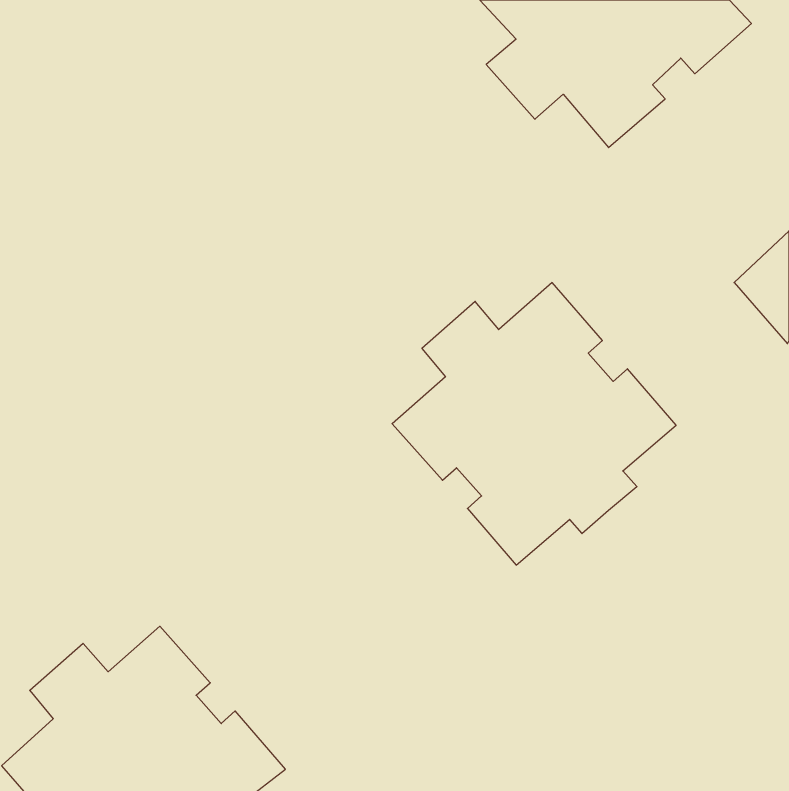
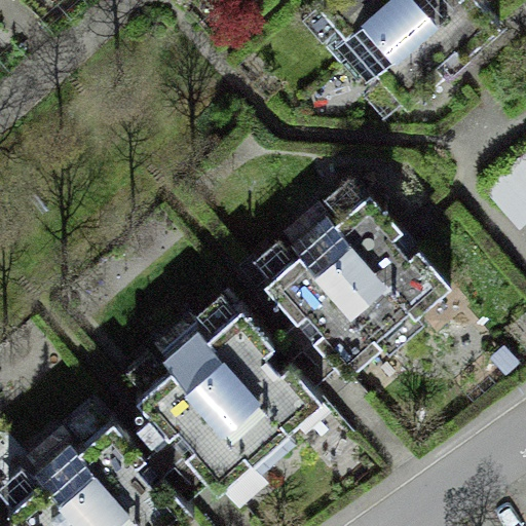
building: none -> [128,304,314,490]

